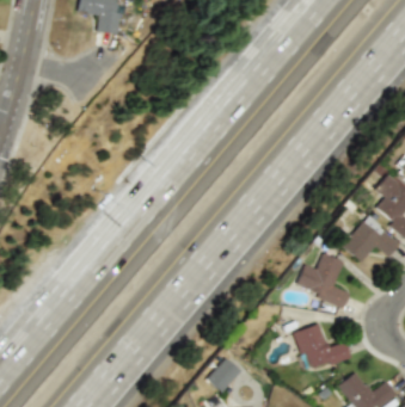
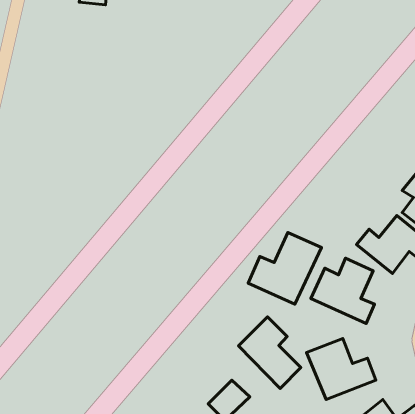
building: none -> [248,233,322,304]
building: none -> [239,317,301,388]

